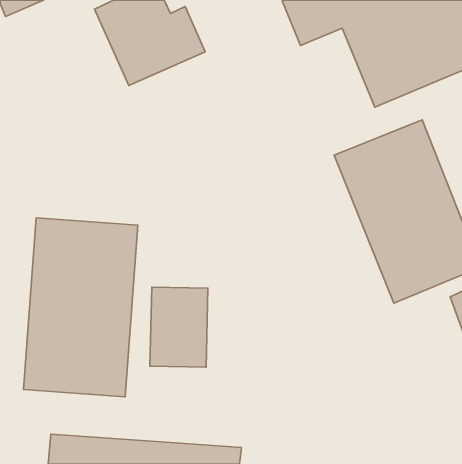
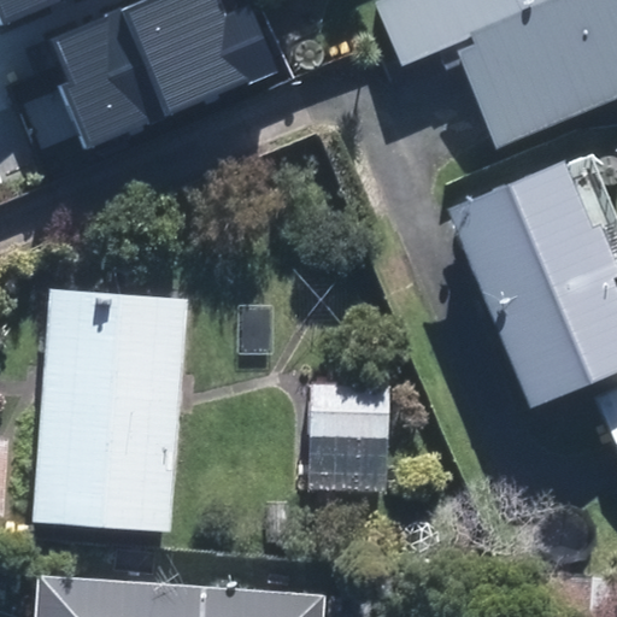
building: none -> [58,12,174,149]
building: [150,287,208,367] -> [310,386,387,492]

